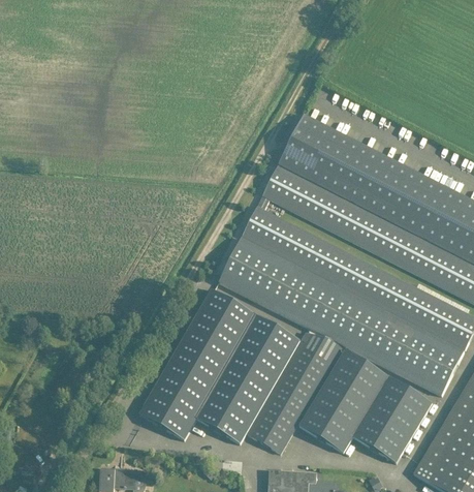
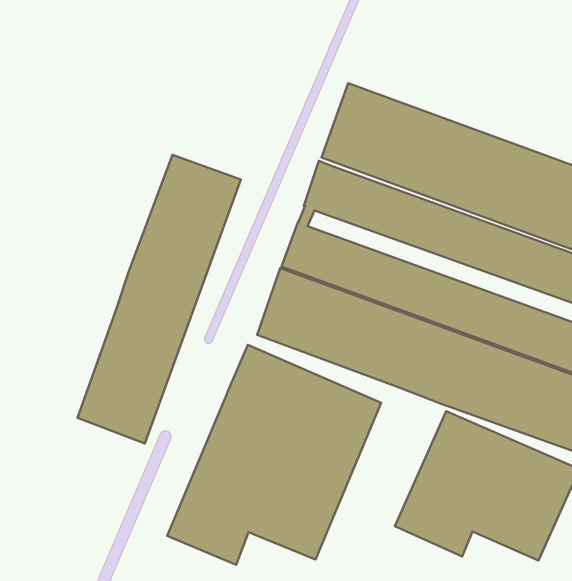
building: none -> [77,155,241,443]
building: [246,333,340,453] -> none

